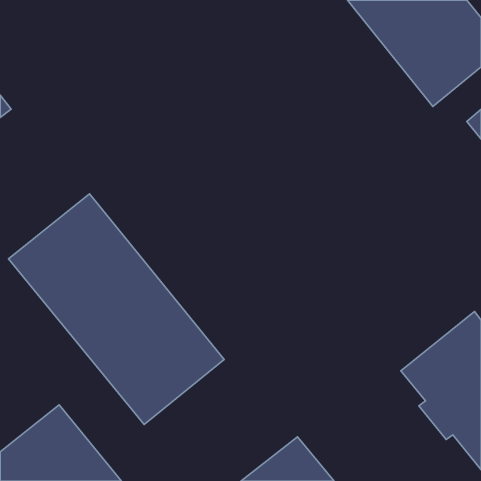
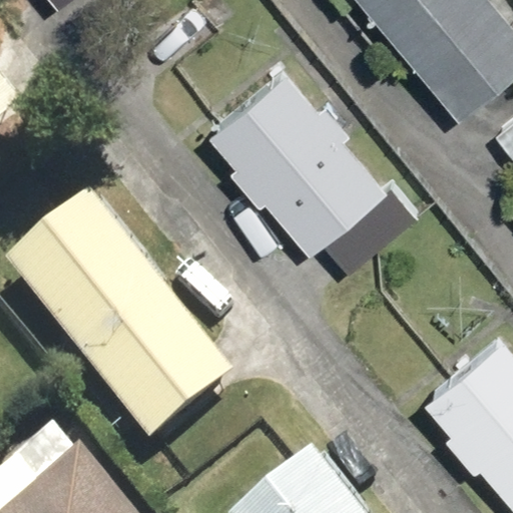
building: none -> [210,65,389,250]

